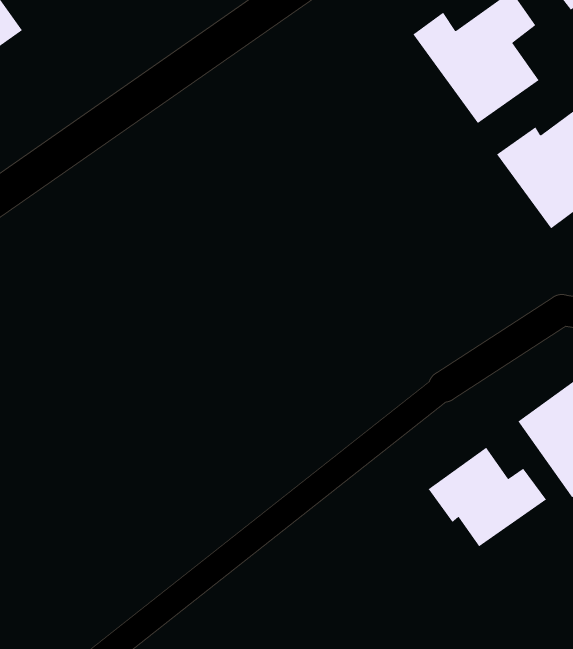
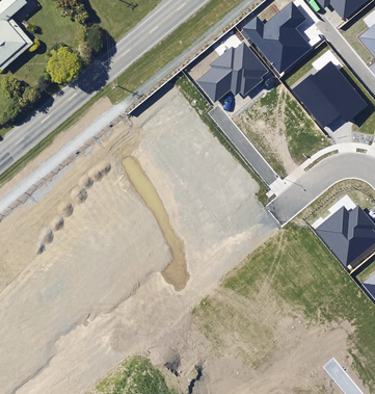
building: none -> [196,43,267,103]
building: [428,447,547,547] -> none

